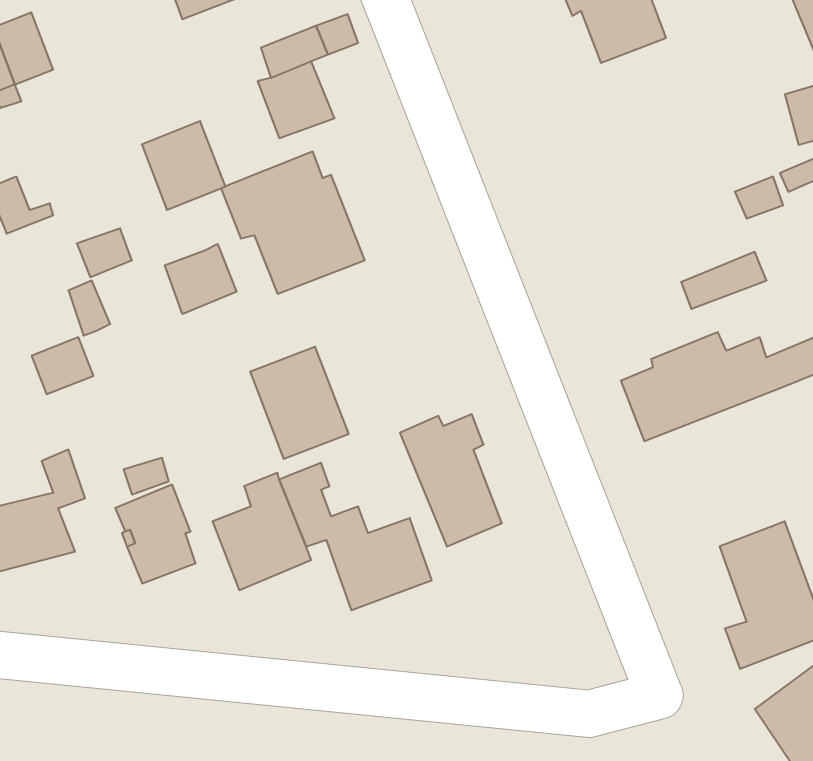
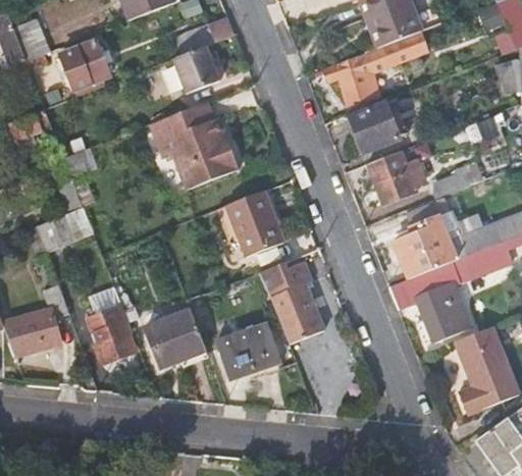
building: none -> [325,32,429,106]
building: [142,121,225,210] -> [57,34,108,88]
building: none -> [348,103,399,152]
building: none -> [367,149,427,204]
building: [165,244,236,314] -> none
building: [250,347,349,459] -> [225,190,285,258]
building: none -> [387,245,501,342]

